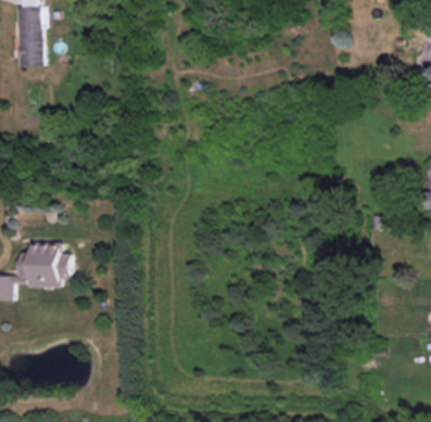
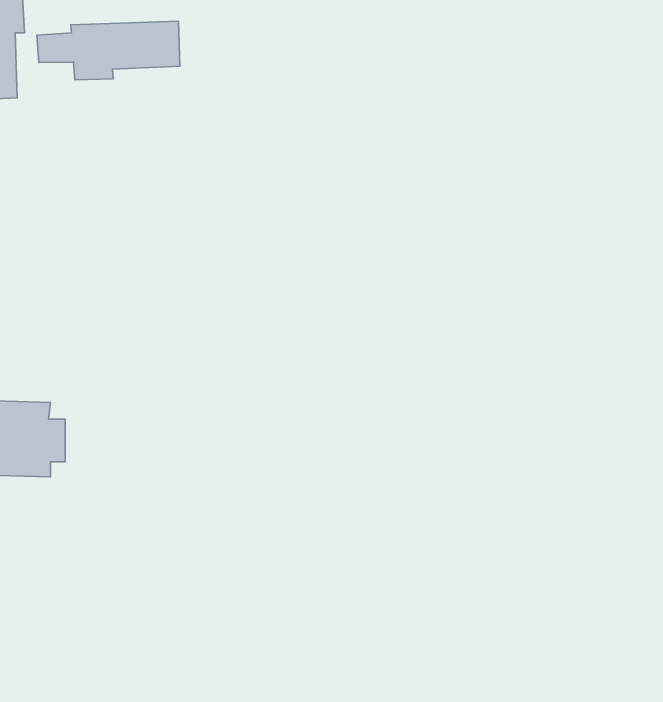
building: none -> [37,21,180,80]

